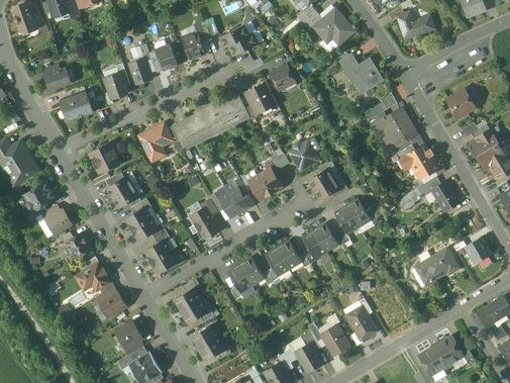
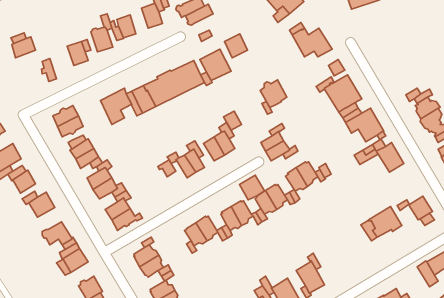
building: [447,89,476,117] -> none
building: [60,94,85,121] -> none
building: [290,140,318,170] -> [260,80,287,108]
building: [192,207,218,236] -> none
building: none -> [239,175,265,200]

